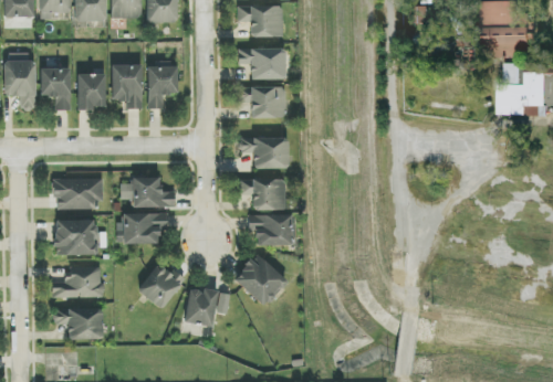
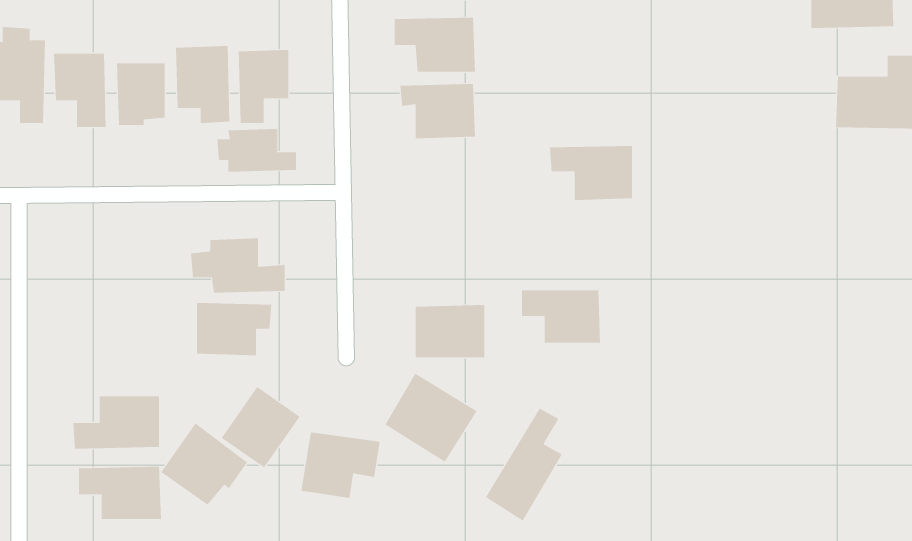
building: none -> [217,128,297,172]
building: [239,136,288,168] -> [549,145,633,201]
building: [54,178,102,209] -> none
building: [239,178,285,209] -> [521,290,601,343]
building: [54,219,96,254] -> none
building: none -> [485,408,562,522]
building: none -> [160,423,248,506]

